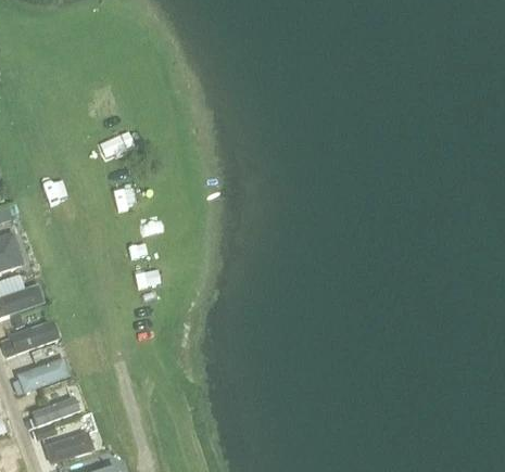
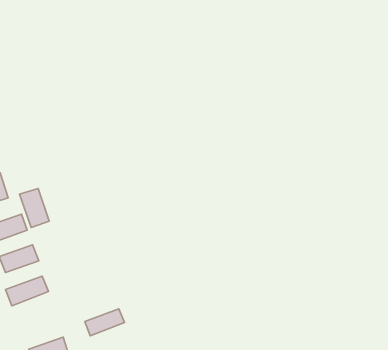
building: none -> [20,188,49,228]
building: [31,394,79,426] -> [85,309,124,336]

